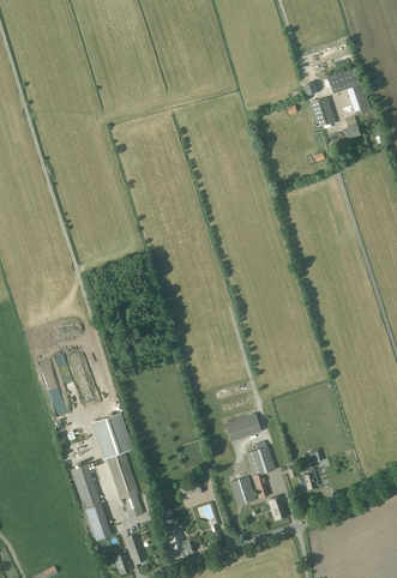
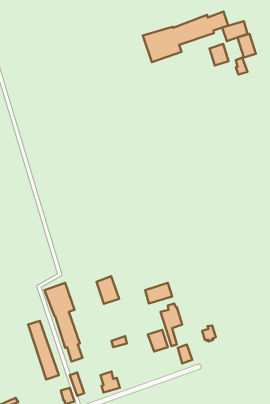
building: none -> [143,12,228,62]
building: none -> [97,276,119,304]

